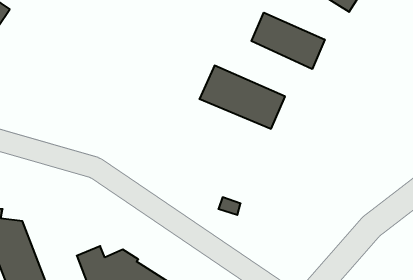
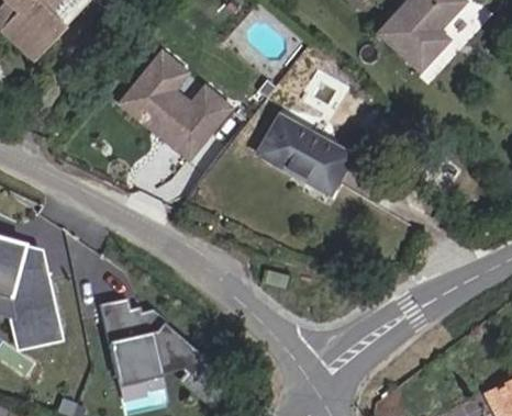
building: [251,13,325,69] -> none
building: none -> [118,52,227,160]

